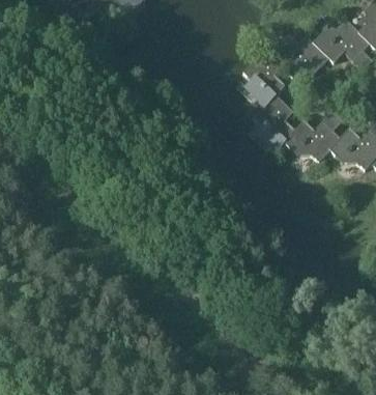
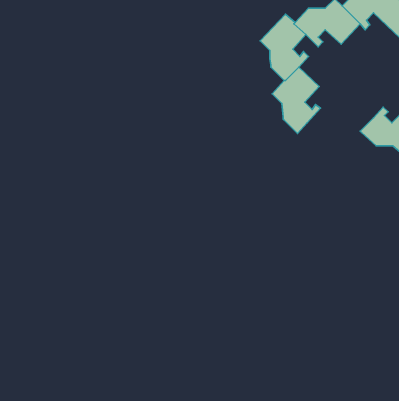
building: [283,110,342,161] -> none

